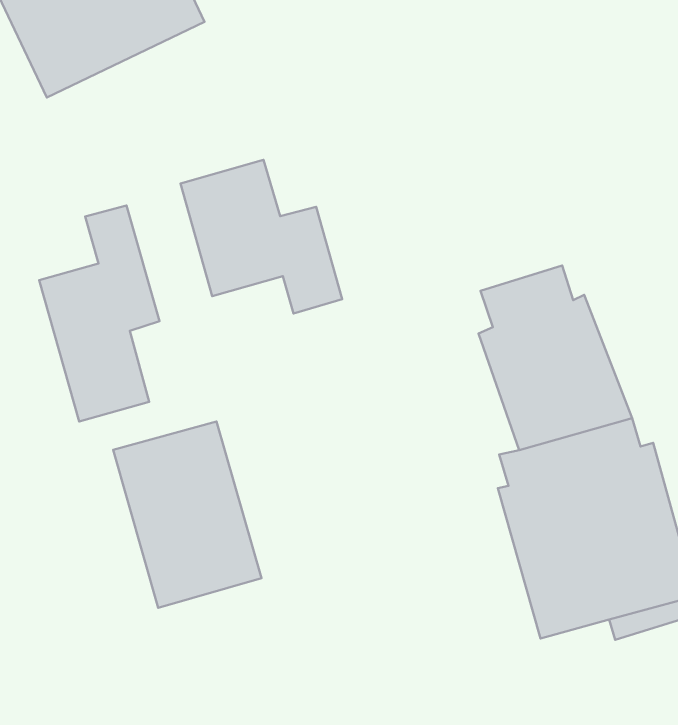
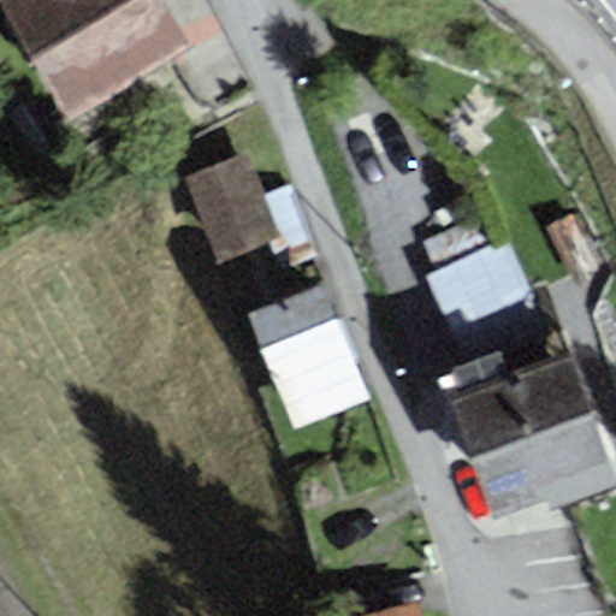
building: [39,206,160,422] -> none
building: [113,422,262,608] -> [248,280,373,431]

